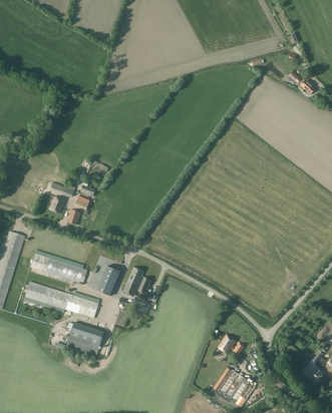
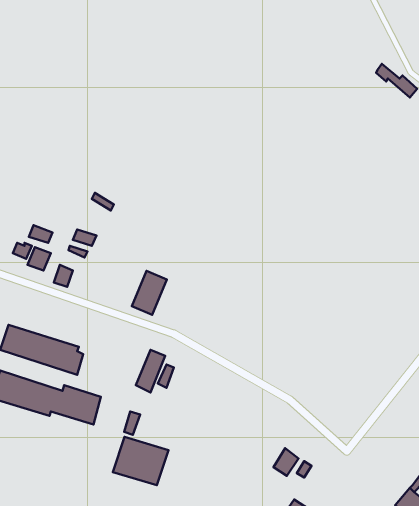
building: [96,266,120,296] -> [132,271,167,315]
building: [66,322,104,355] -> [113,437,168,485]

